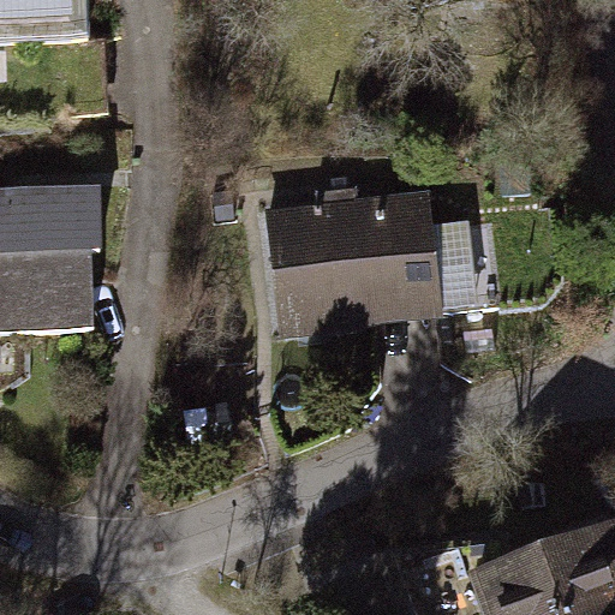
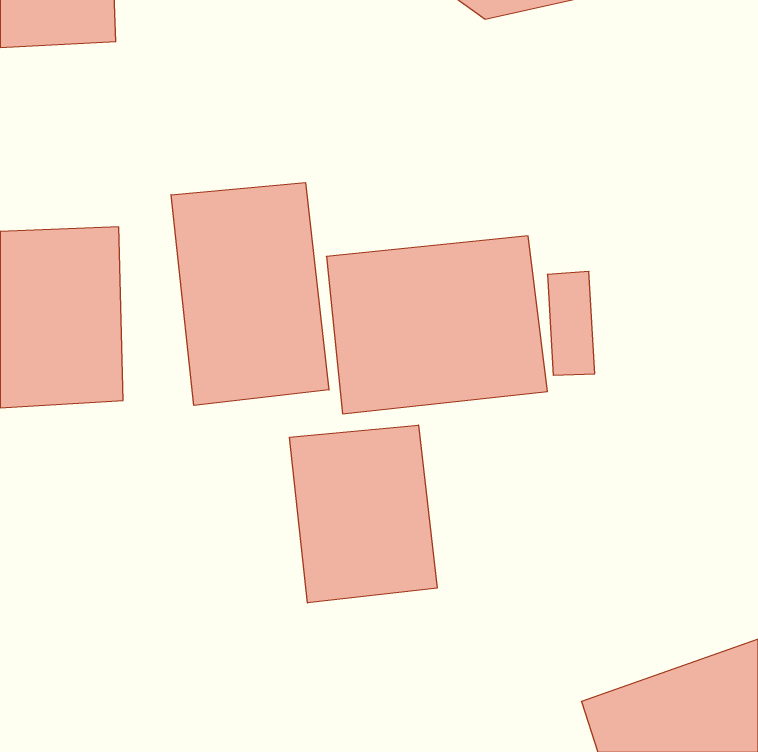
building: none -> [171,183,329,405]
building: none -> [290,425,437,603]

